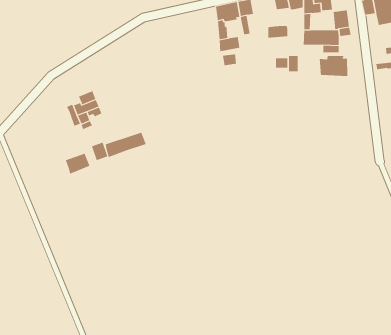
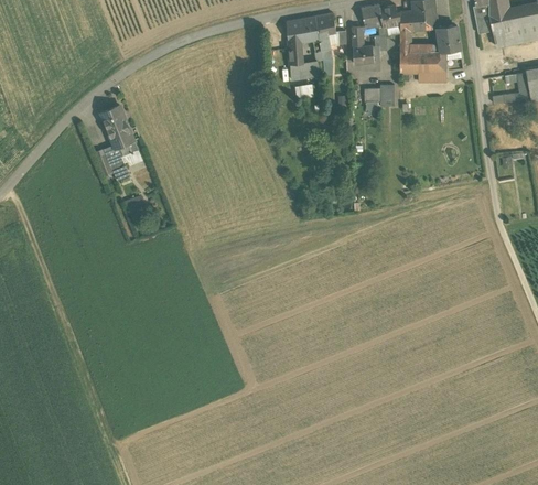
building: [319,55,348,77] -> none
building: none -> [100,106,129,138]
building: [105,132,147,158] -> none
building: [65,153,90,174] -> none

